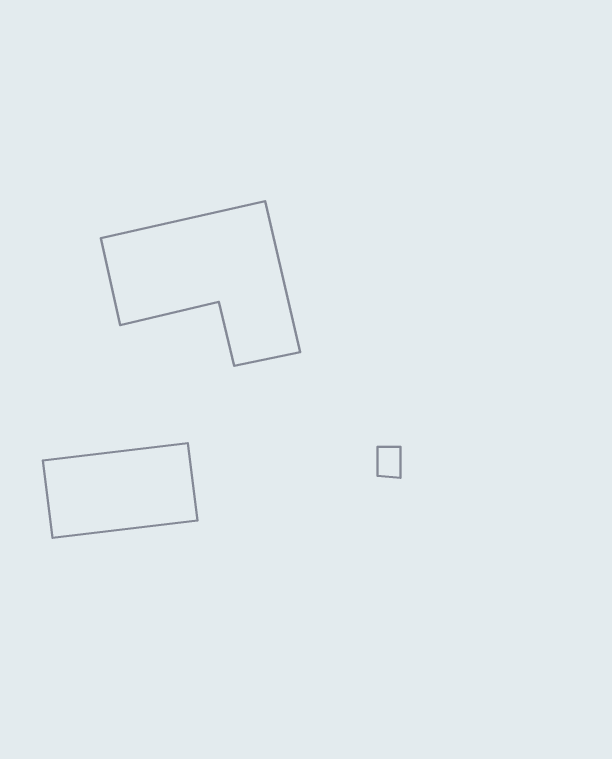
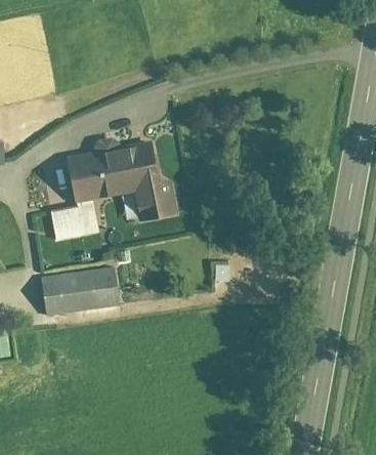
building: none -> [44,206,95,243]

